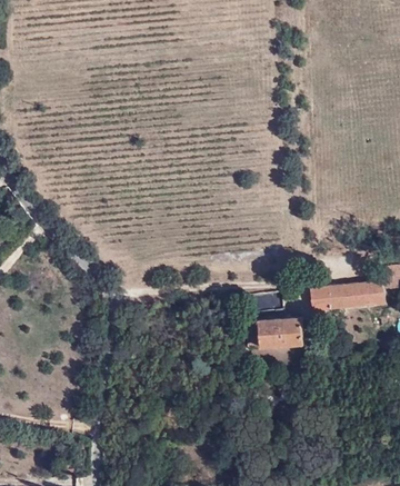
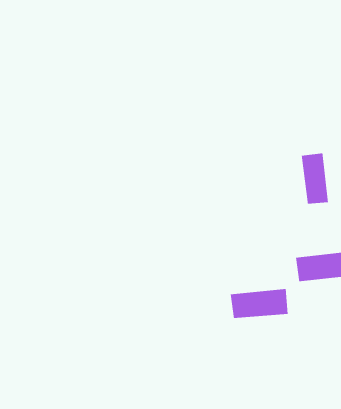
building: none -> [301,153,328,204]

